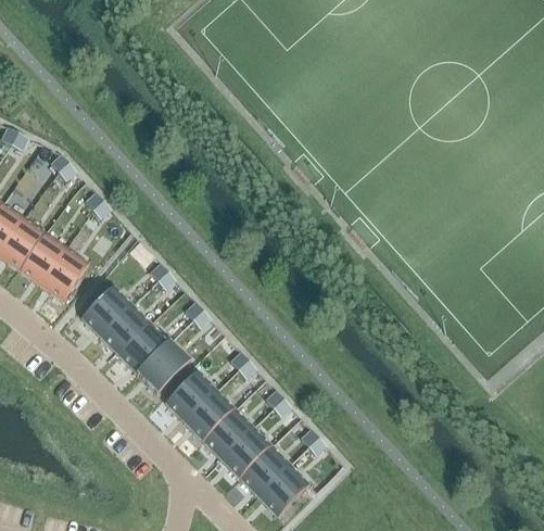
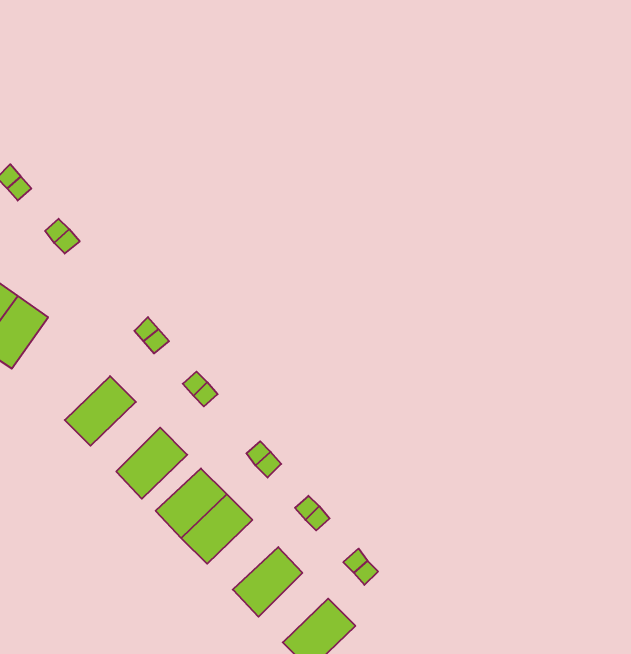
building: [81,286,132,337] -> none
building: [118,324,168,374] -> none
building: [202,408,253,458] -> none
building: [239,446,289,496] -> none

